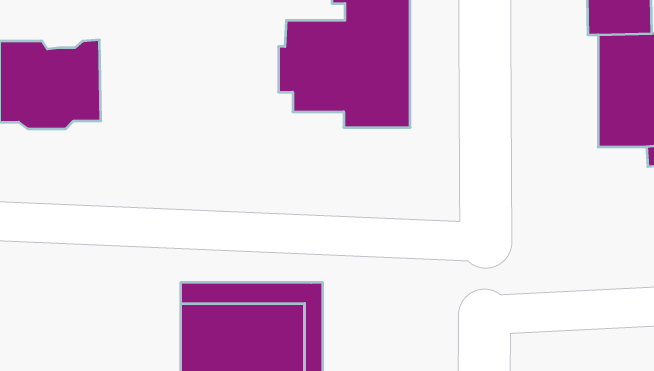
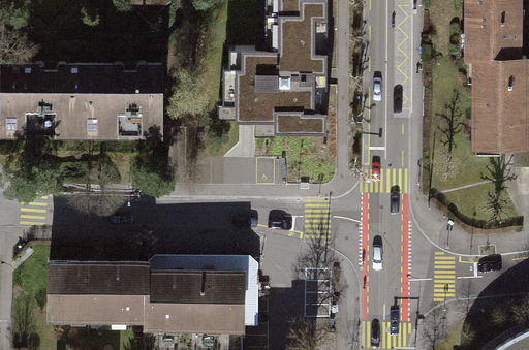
building: none -> [82,65,161,137]
building: none -> [49,264,146,320]

